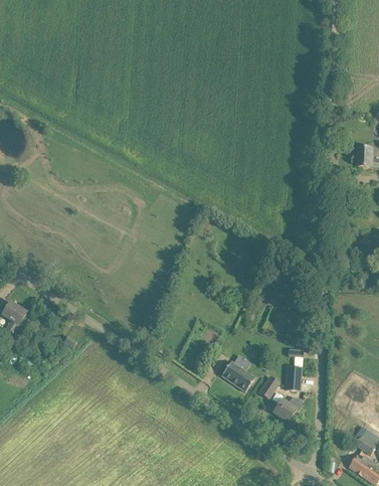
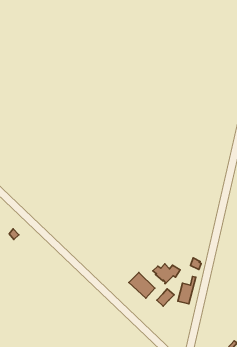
building: [268,395,302,420] -> [153,264,180,284]

